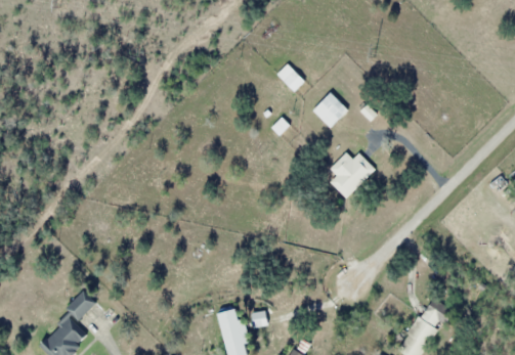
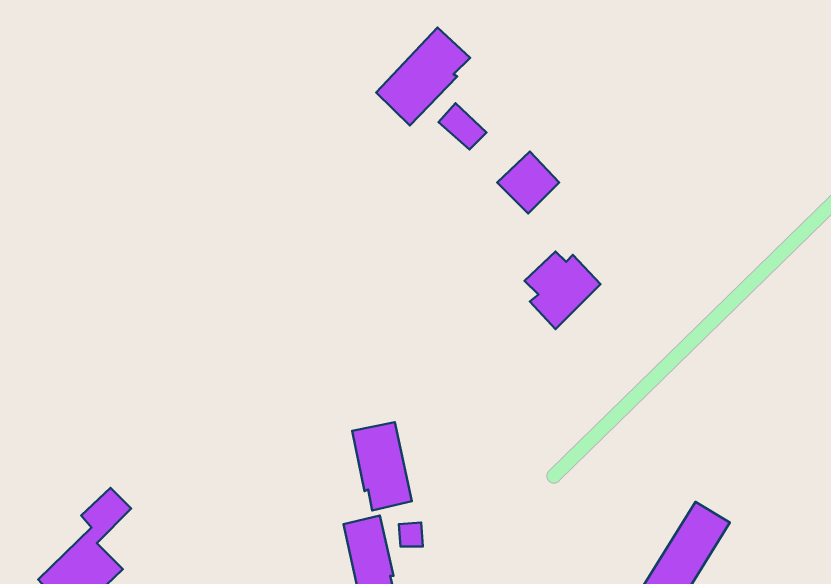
building: none -> [376,28,470,125]
building: none -> [352,422,412,511]

